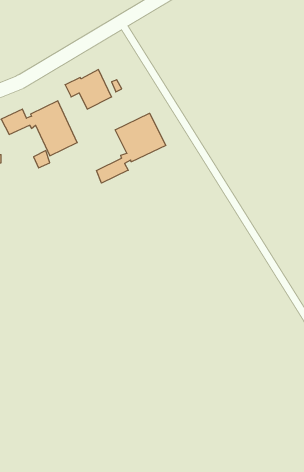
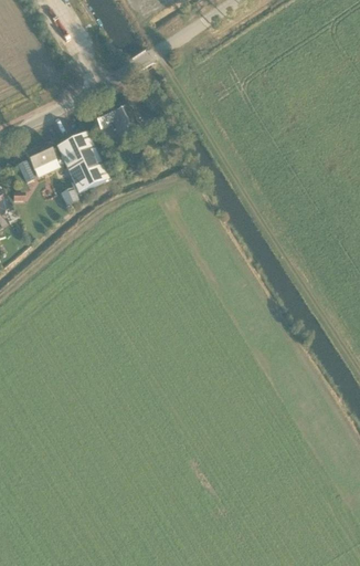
building: [97,113,166,183] -> none

